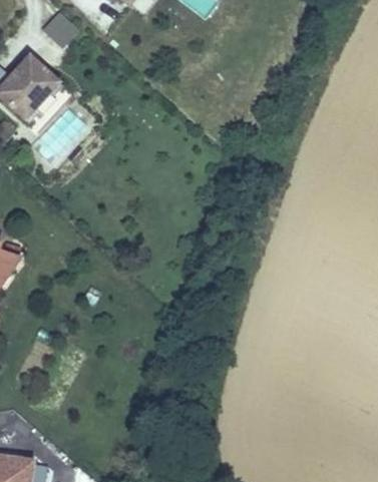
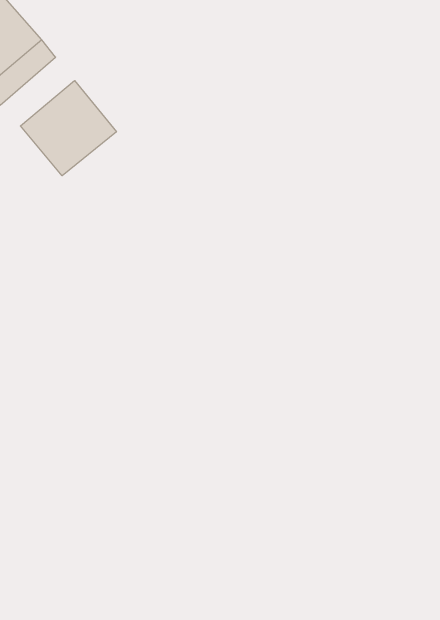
building: none -> [20,81,116,176]

